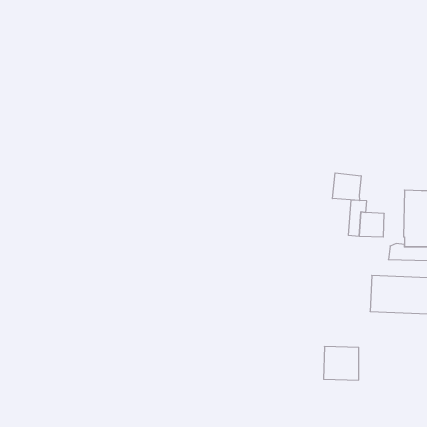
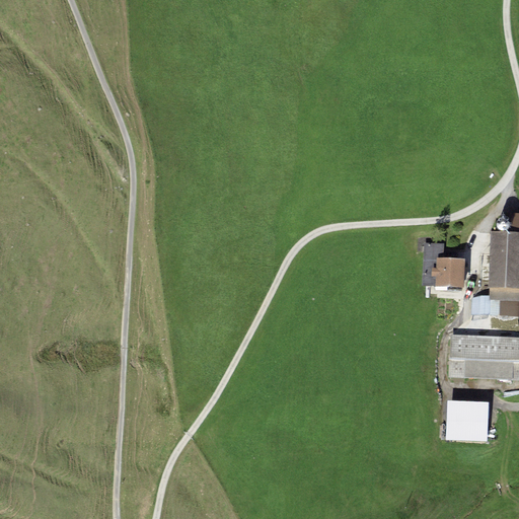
building: [332,173,361,201] -> none
building: [324,347,359,380] -> [447,400,490,441]

